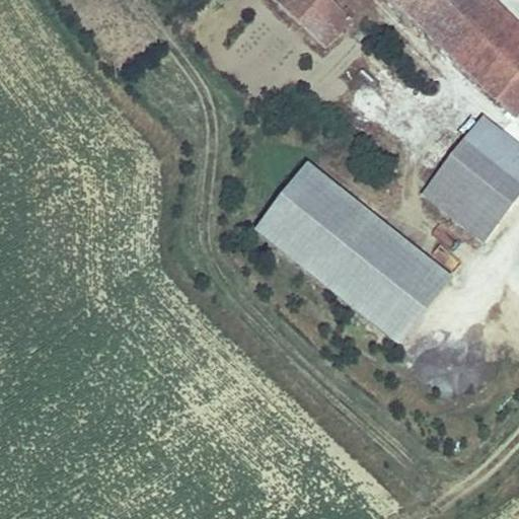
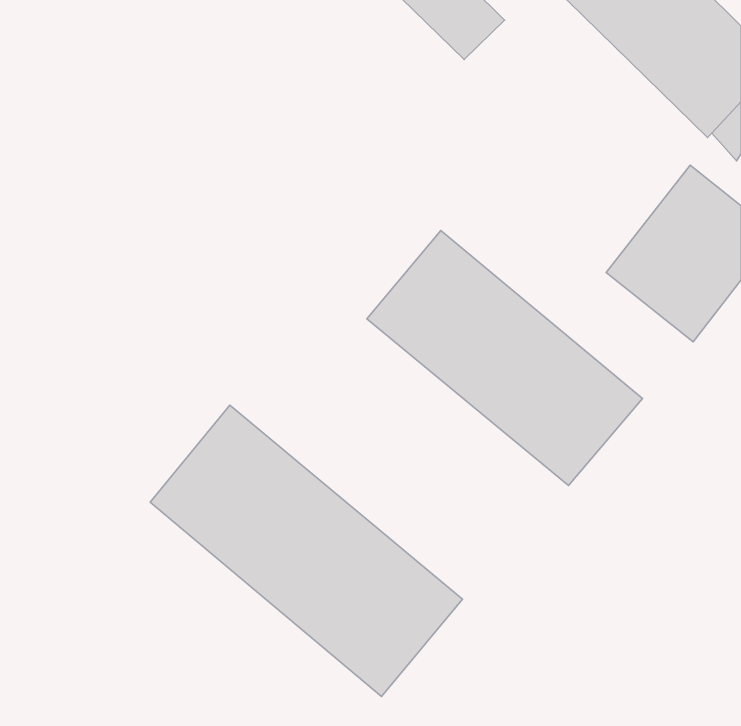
building: none -> [150,405,463,697]

